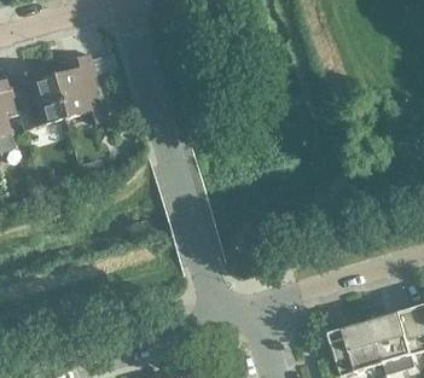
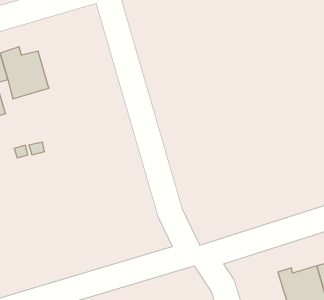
building: [53,54,110,124] -> none

